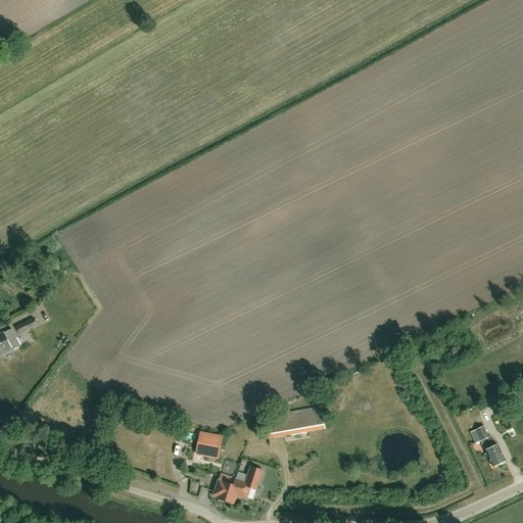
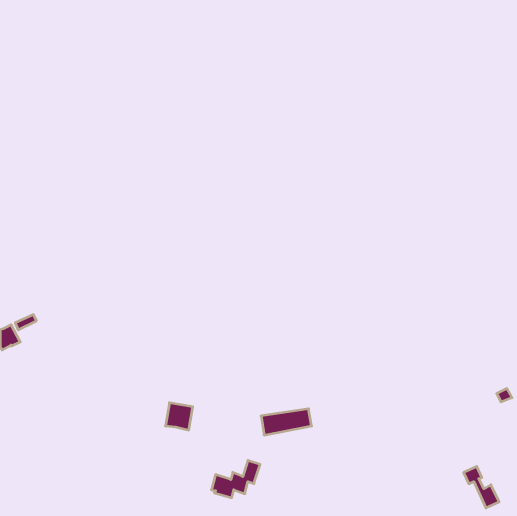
building: [470,425,506,467] -> [464,466,499,508]
building: [195,429,223,457] -> [165,403,193,430]

